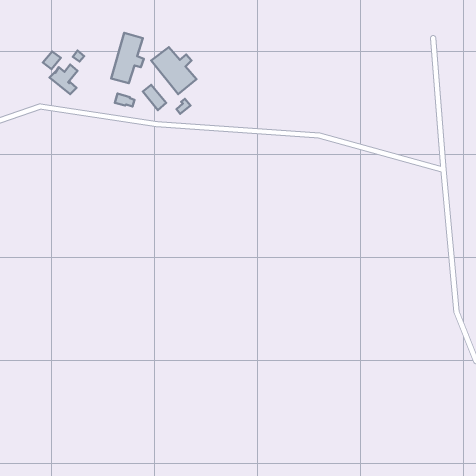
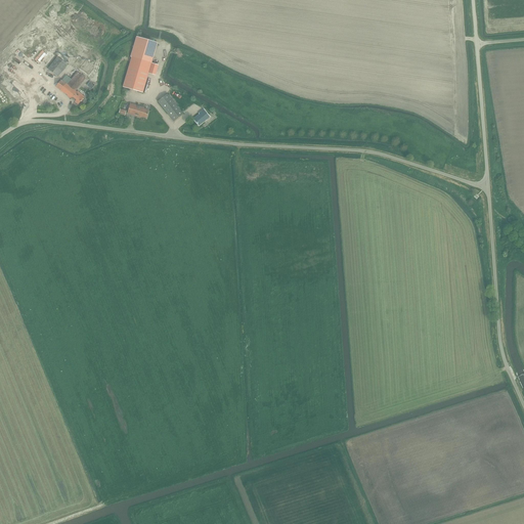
building: [151,47,196,94] -> none

